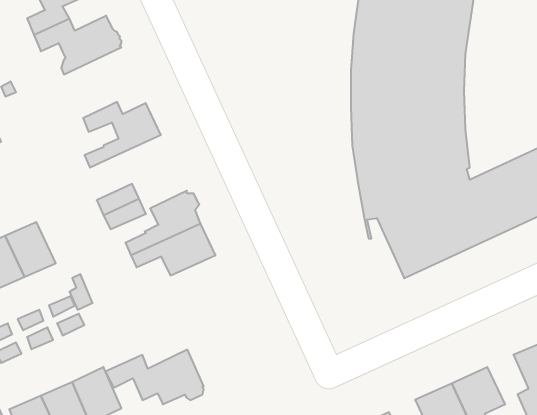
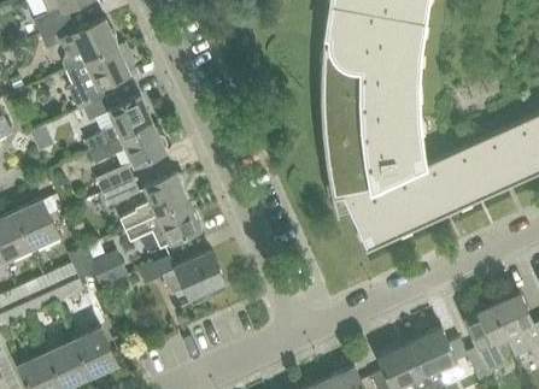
building: none -> [68,45,134,112]
building: none -> [90,124,166,167]
building: none -> [90,254,127,288]
building: [105,350,204,404] -> [139,252,225,300]

